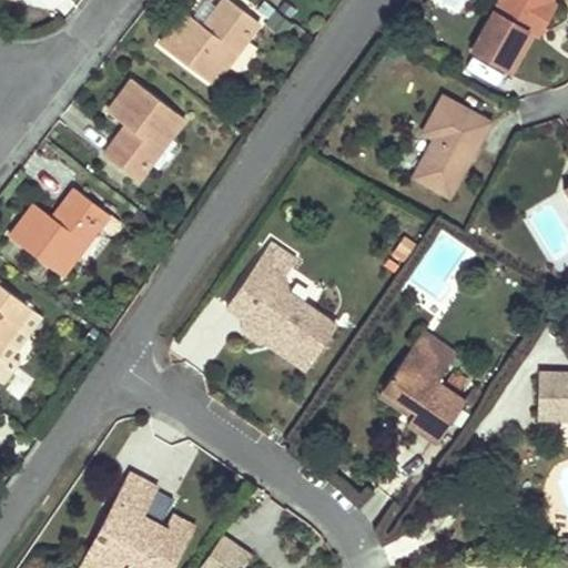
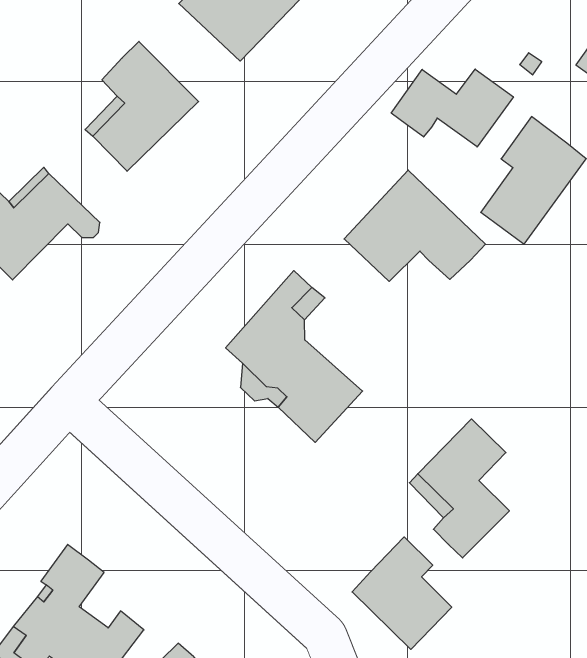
building: none -> [391,69,513,147]
building: none -> [344,170,486,281]
building: none -> [352,537,452,649]

